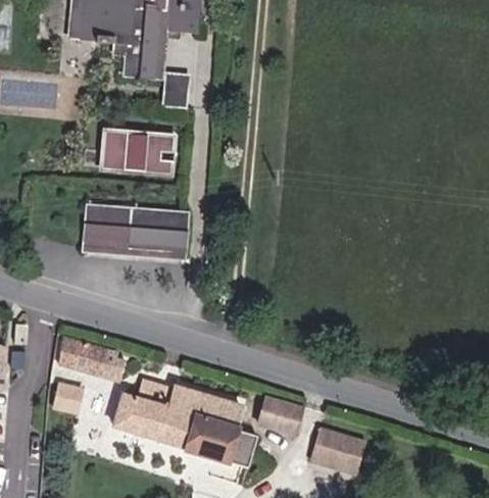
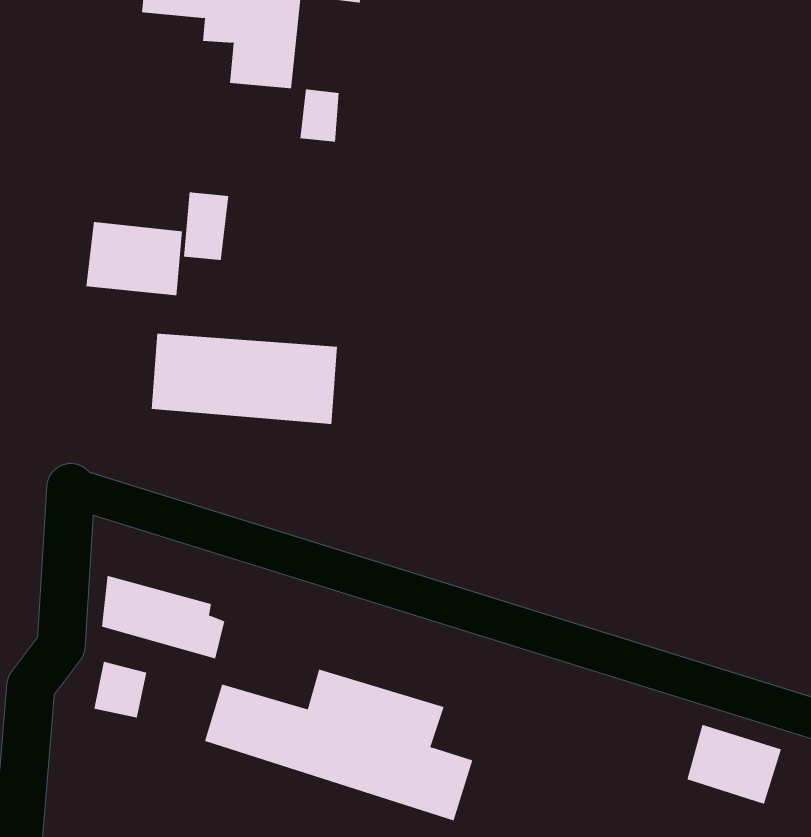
building: [123,133,175,172] -> [86,222,183,296]
building: [259,398,302,432] -> none
building: [312,429,363,471] -> [686,724,782,804]

